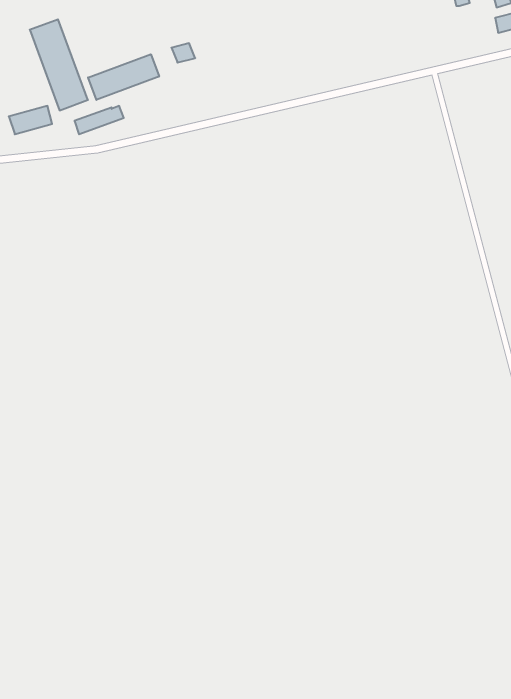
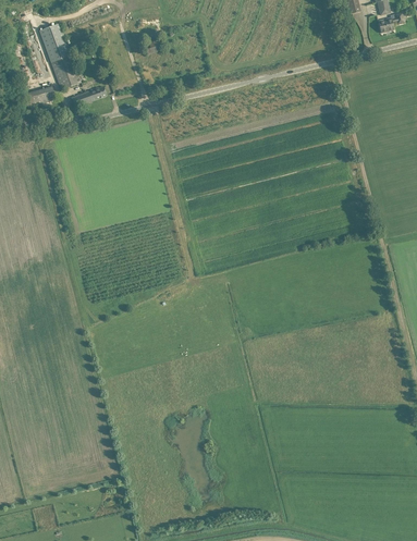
building: [88,54,159,100] -> none

